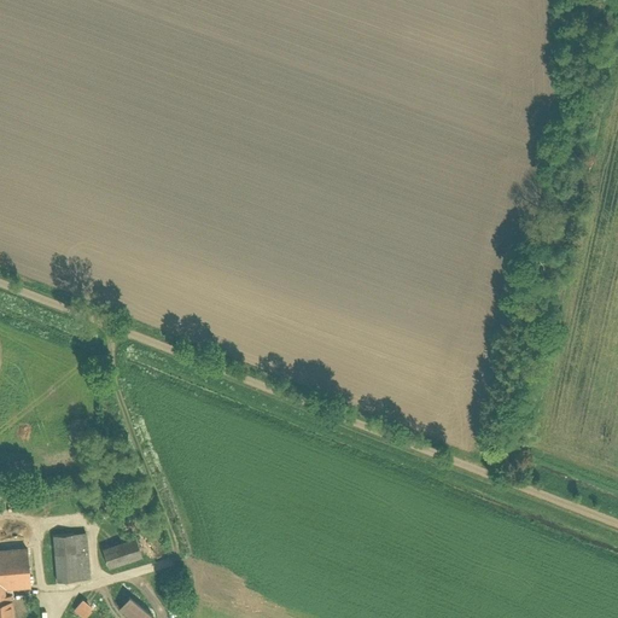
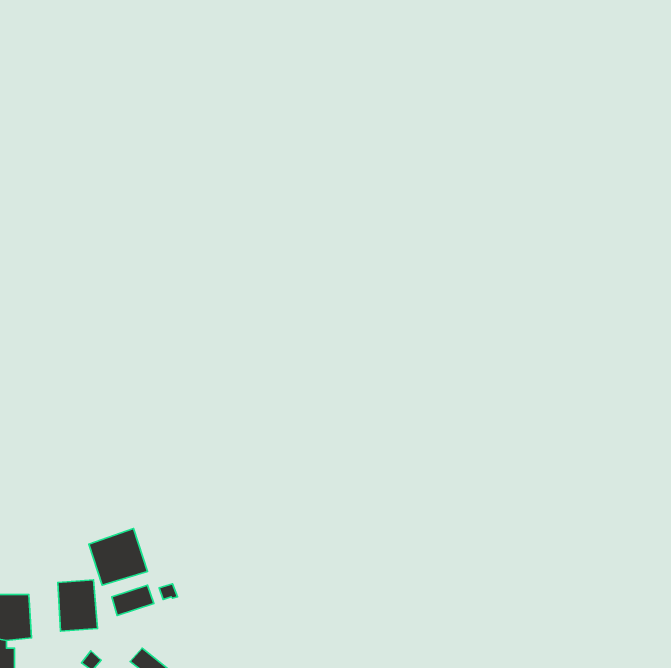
building: none -> [89,529,147,585]

